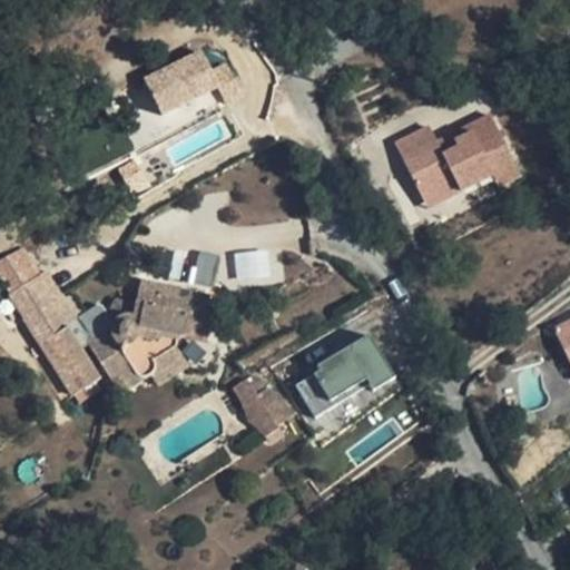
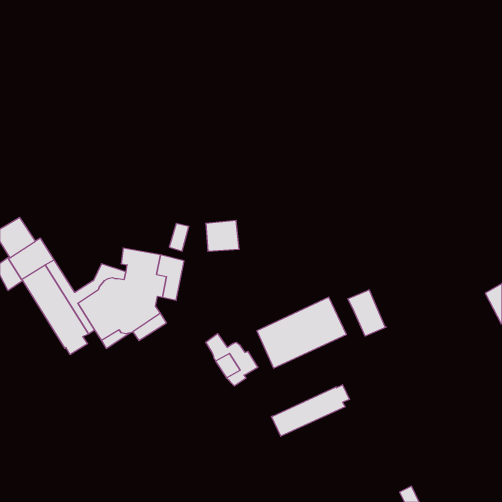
building: [141,46,218,114] -> none
building: [393,114,520,206] -> none
building: none -> [348,290,386,336]
building: none -> [272,385,350,436]

